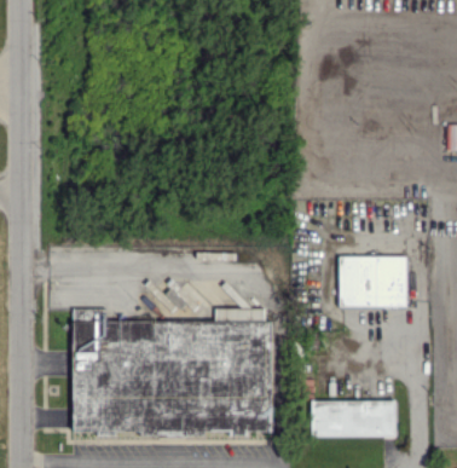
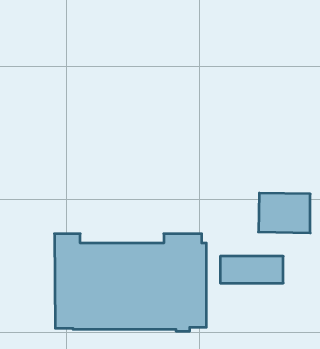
building: [313,401,395,437] -> [220,256,283,283]

